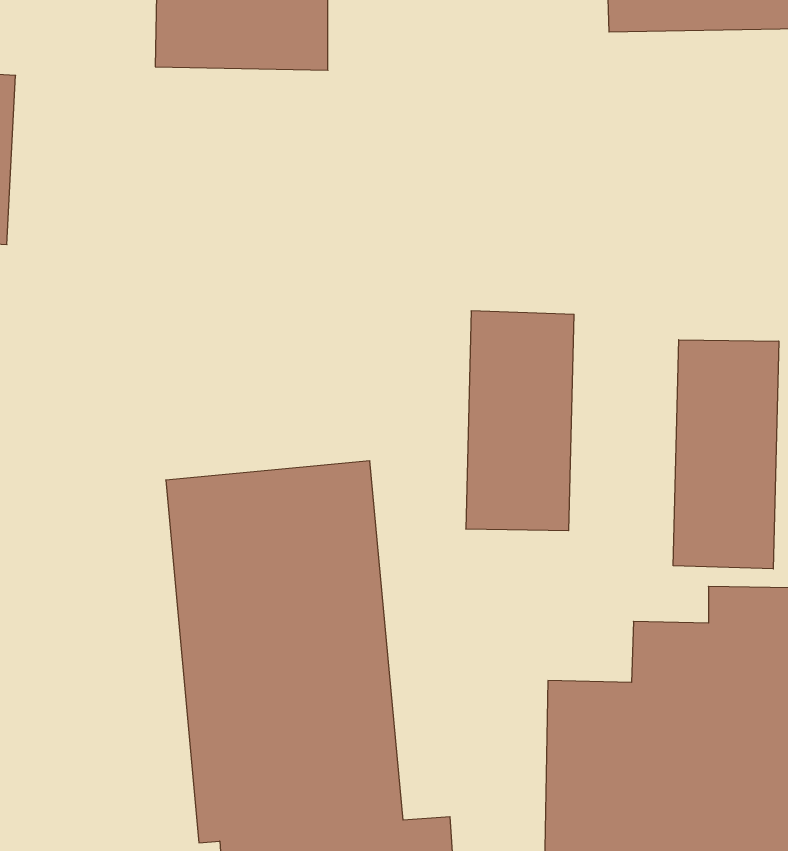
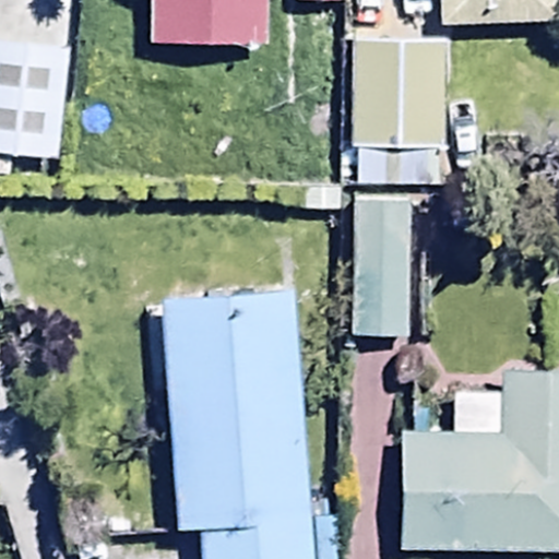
building: none -> [343,38,450,183]
building: [673,340,779,569] -> none

